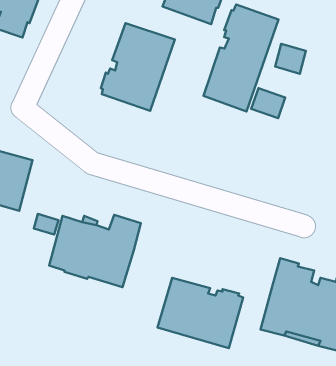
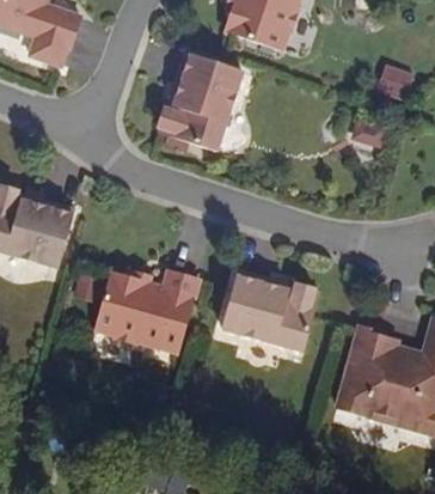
building: [204,4,279,112] -> none
building: [158,278,243,348] -> [225,269,324,350]

